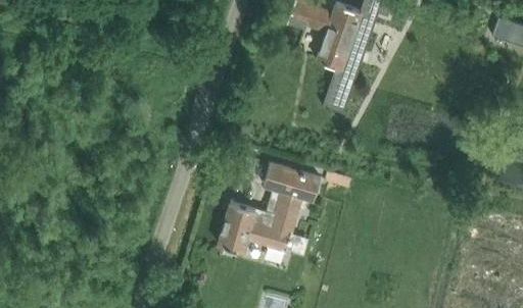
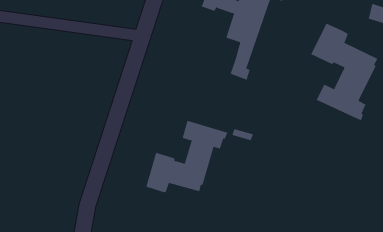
building: none -> [311,23,378,121]

